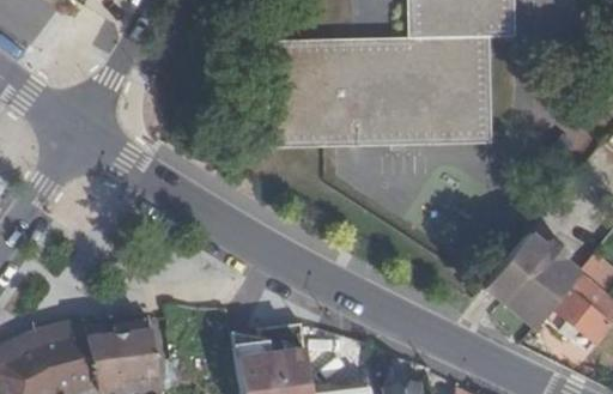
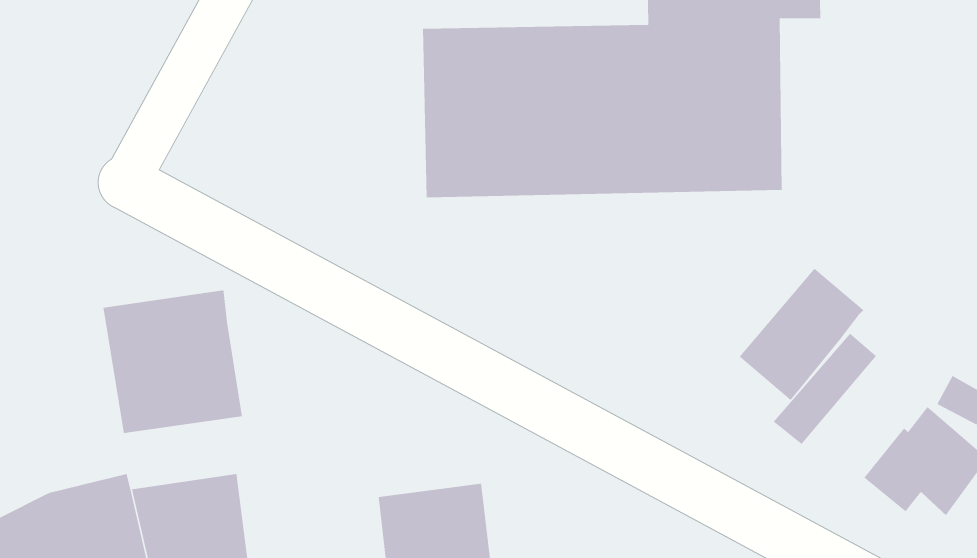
building: none -> [103,290,242,434]
building: [503,246,581,328] -> [739,268,864,401]

